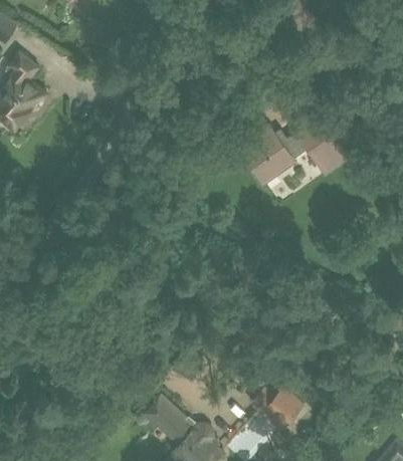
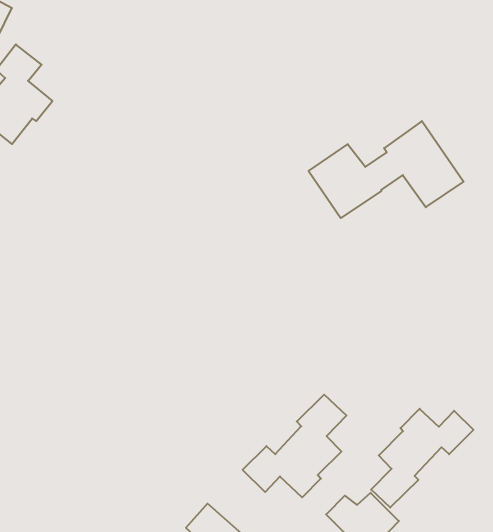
building: none -> [243,395,346,497]
building: none -> [371,409,473,508]

